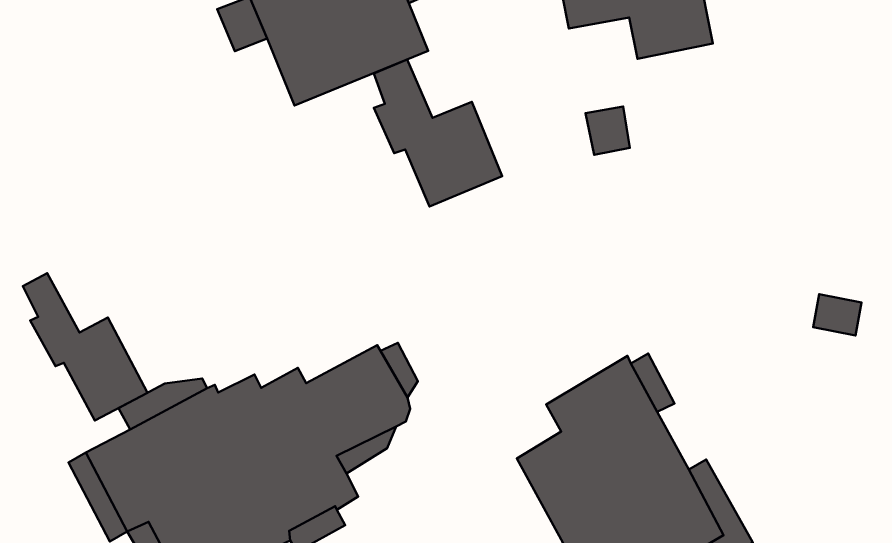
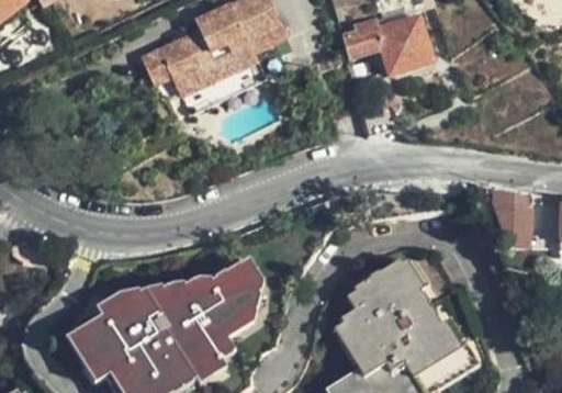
building: [374,59,502,206] -> none
building: [23,273,147,421] -> none

